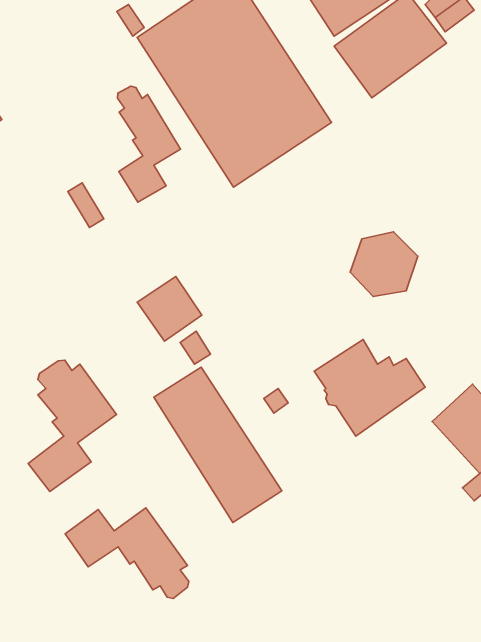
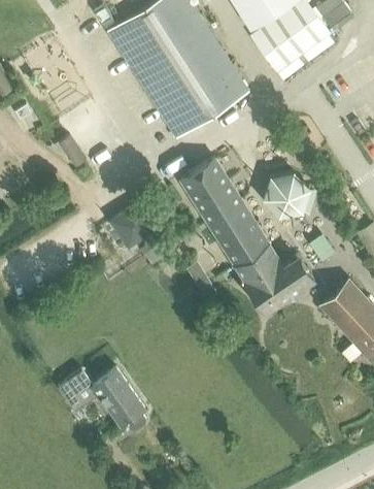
building: [117,86,180,202] -> none
building: [28,360,117,491] -> none
building: [154,367,282,522] -> [179,158,271,269]

